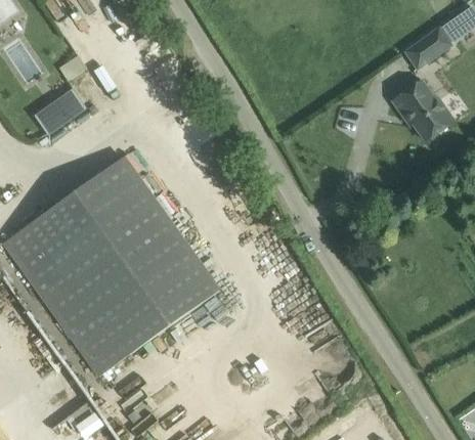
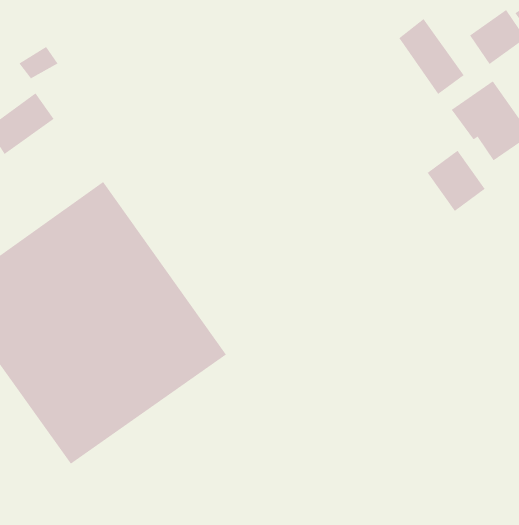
building: none -> [399,18,465,95]
building: none -> [427,150,485,212]

